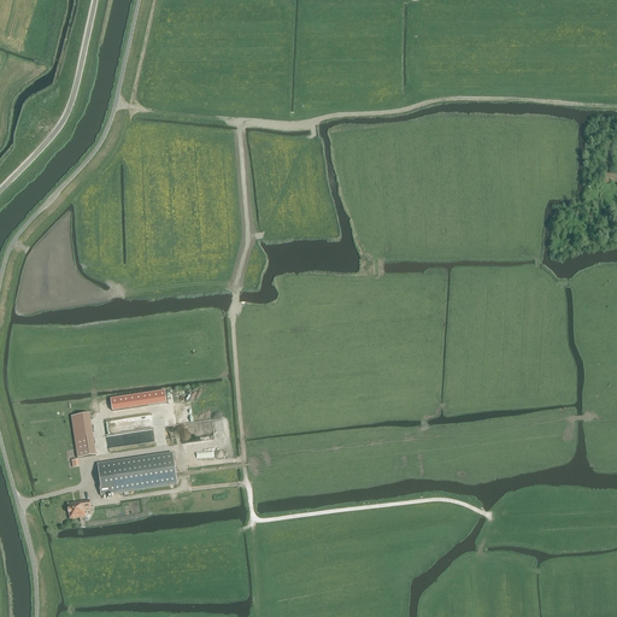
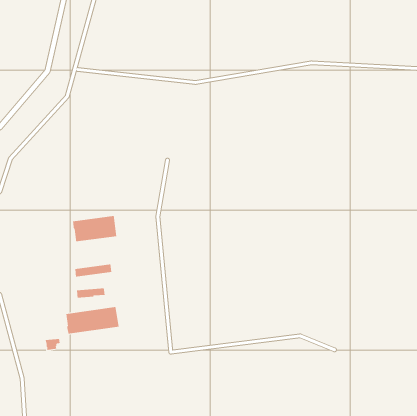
building: none -> [73,215,117,242]
building: [70,412,94,457] -> none

